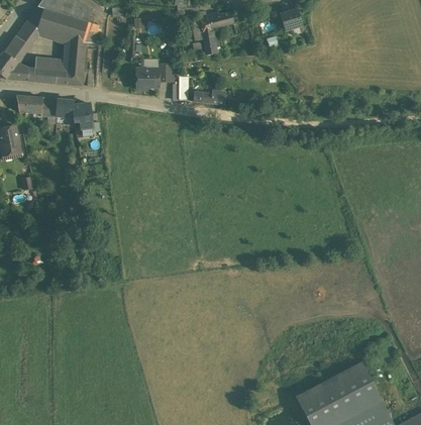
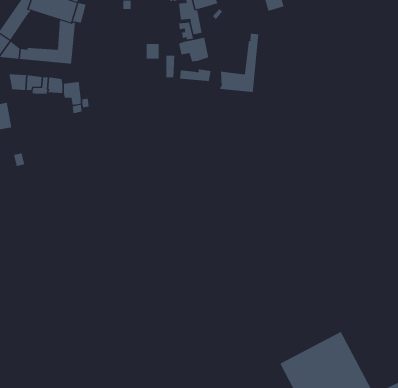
building: [35,29,69,70] -> none
building: none -> [220,33,259,93]
building: none -> [178,37,209,62]
building: [136,67,159,89] -> none

